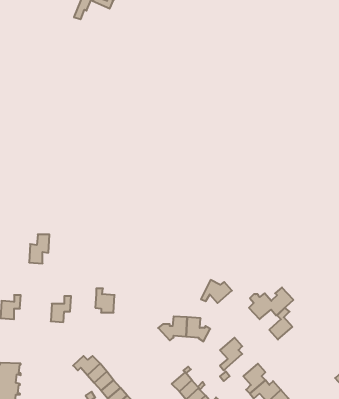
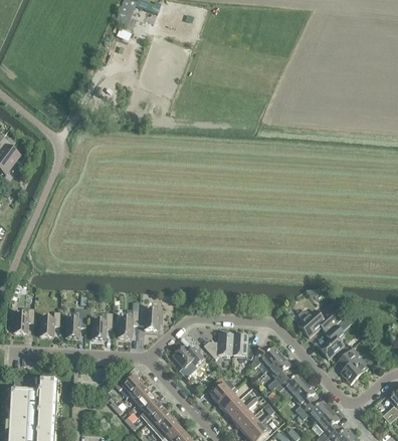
building: [29,234,49,263] -> [65,308,86,339]
building: [201,280,232,303] -> [250,345,282,369]
building: none -> [118,309,139,338]
building: none -> [172,345,204,369]
building: none -> [340,347,368,384]
building: none -> [274,373,307,396]
building: none -> [207,378,234,404]

